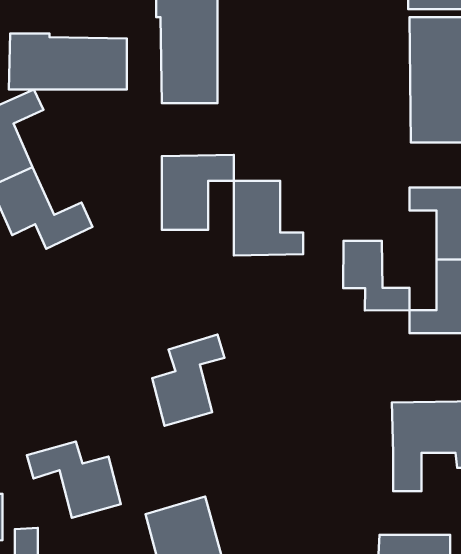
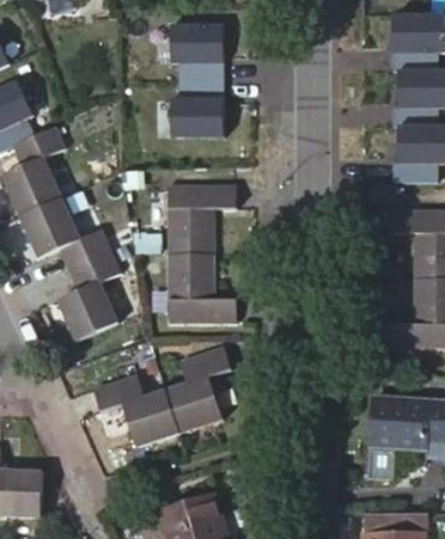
building: [9,33,127,89] -> none
building: [234,181,303,256] -> [172,249,233,314]
building: none -> [59,246,121,329]
building: [343,241,410,310] -> none
building: [27,442,121,518] -> [92,366,175,433]

